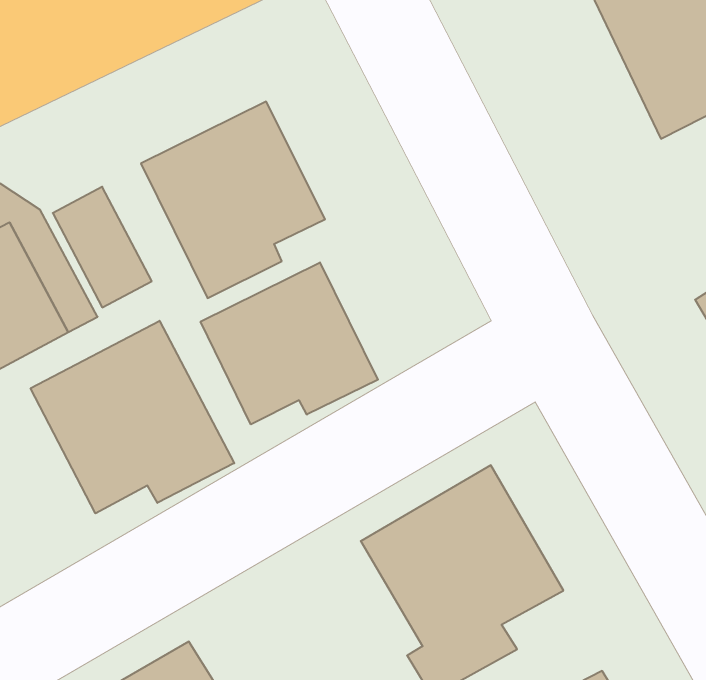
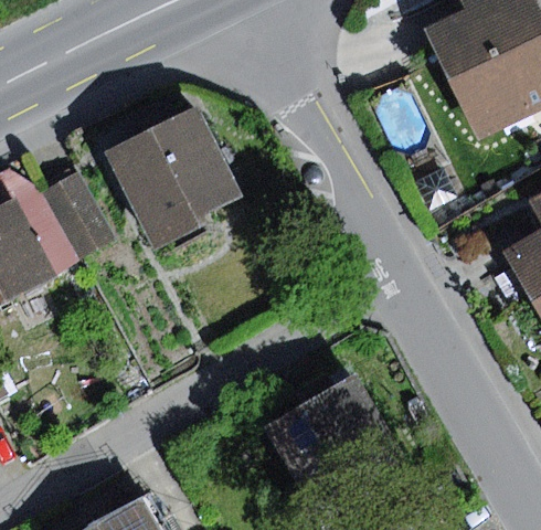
building: [201,262,378,424] -> none
building: [31,321,234,513] -> none

